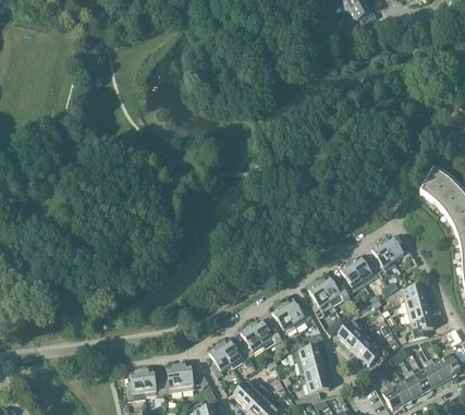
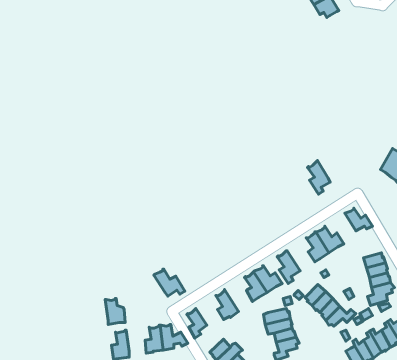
building: [371,240,396,277] -> [307,160,330,194]
building: [319,274,351,305] -> none
building: [250,317,282,347] -> none
building: [219,338,253,367] -> [154,269,185,296]
building: [143,367,164,395] -> [105,299,125,324]

